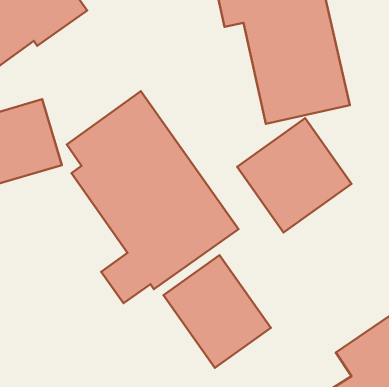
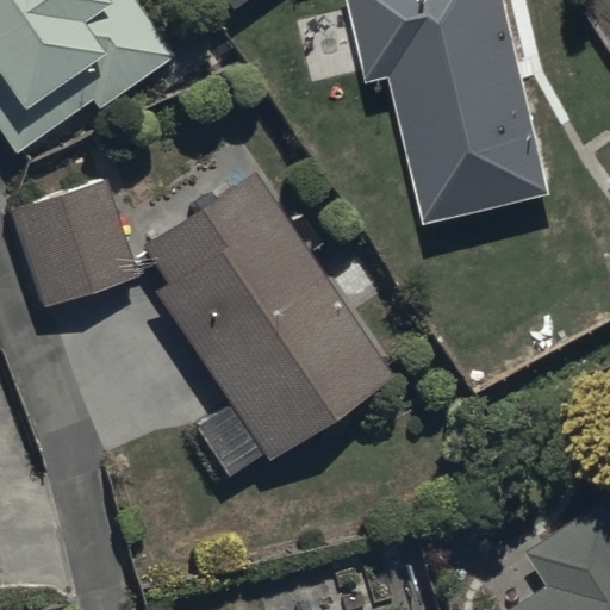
building: [237,118,352,232] -> none
building: [164,255,271,368] -> none

